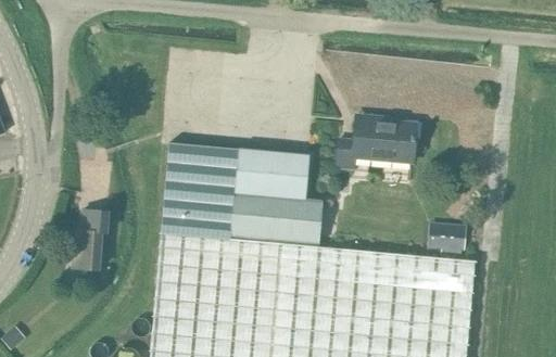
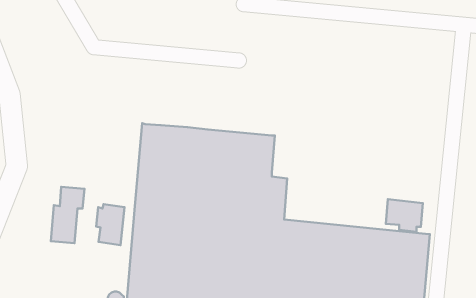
building: [337,119,417,169] -> none
building: none -> [96,204,124,245]

